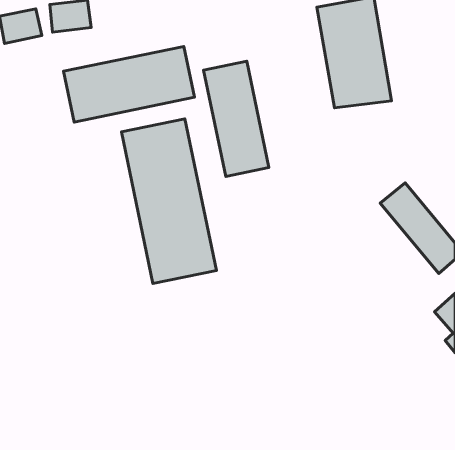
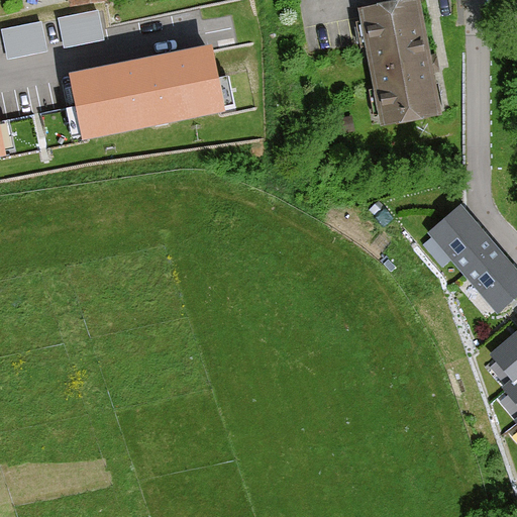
building: [204,61,269,176] -> none
building: [121,119,216,283] -> none

